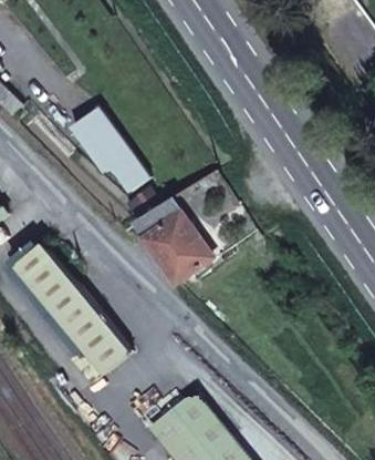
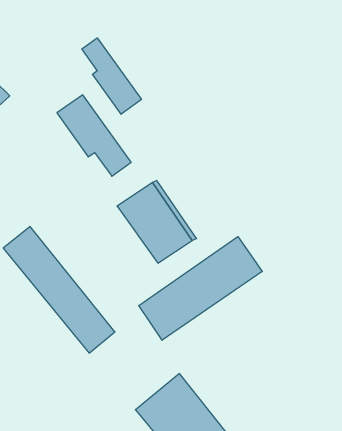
building: none -> [82,38,141,114]
building: none -> [139,237,262,340]

